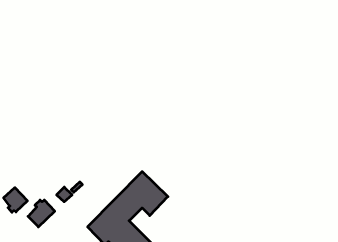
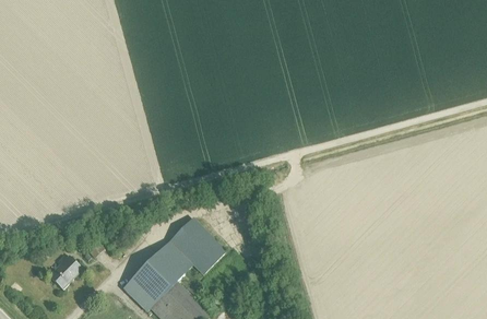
building: [4,188,27,212] -> none

